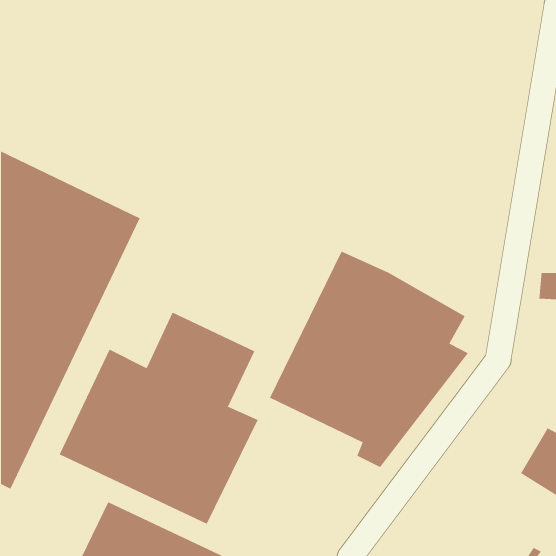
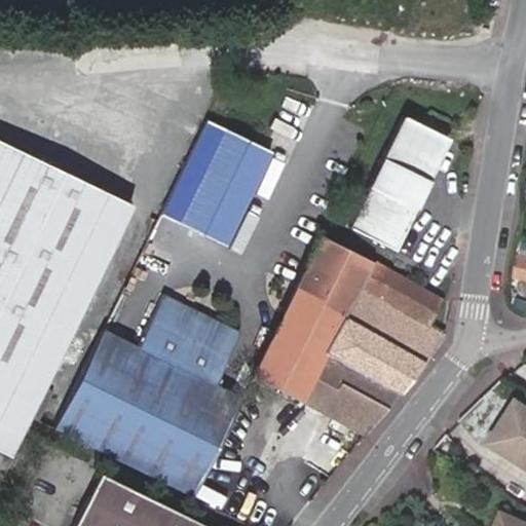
building: none -> [349,115,449,250]
building: none -> [176,135,265,250]

